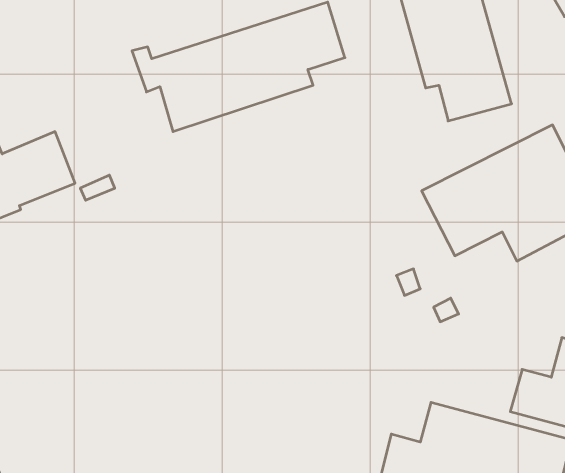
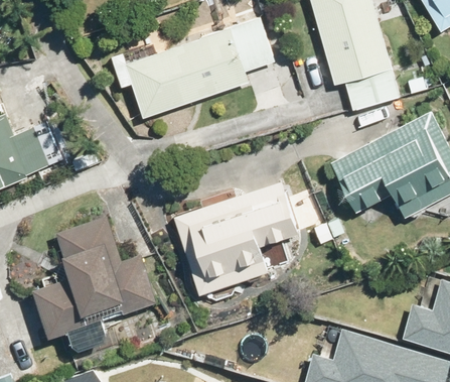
building: none -> [173,182,298,295]
building: none -> [33,218,155,339]

